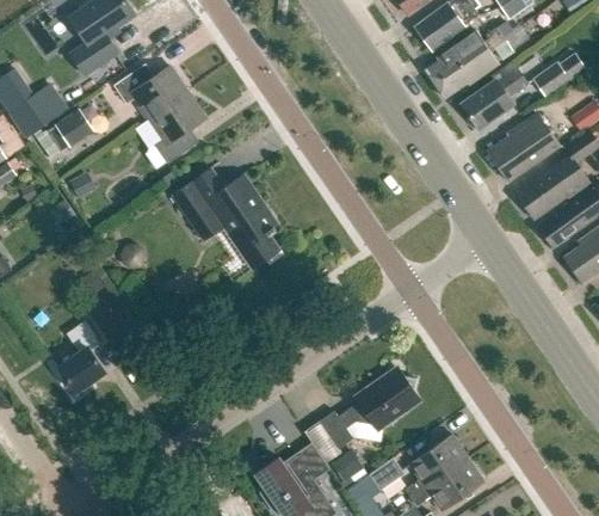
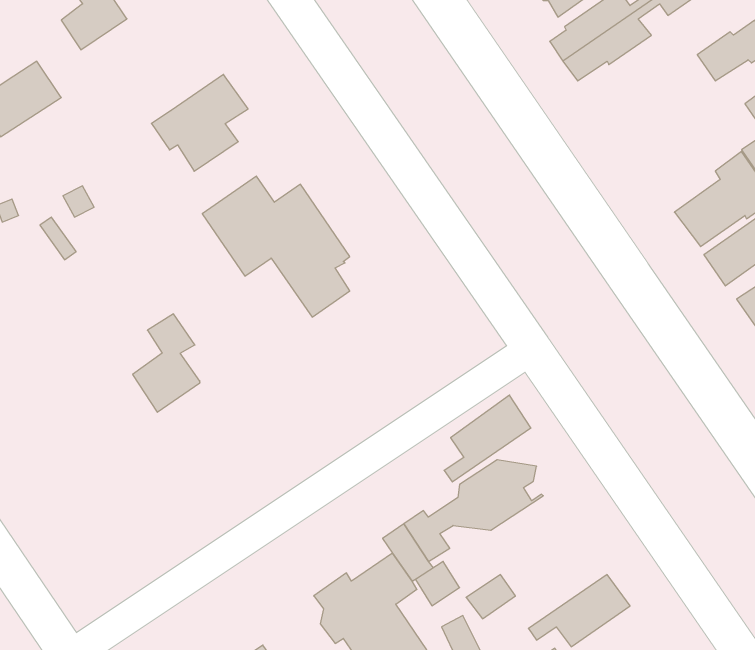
building: [113,63,189,119] -> none
building: [462,67,529,128] -> none
building: [49,110,94,150] -> none
building: [488,113,561,182] -> none
building: [56,321,105,393] -> [133,314,200,412]
building: [405,434,468,497] -> [444,395,531,482]

